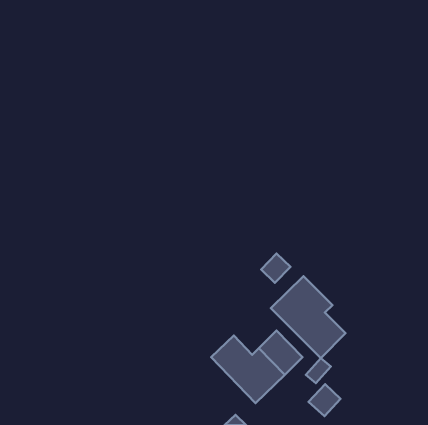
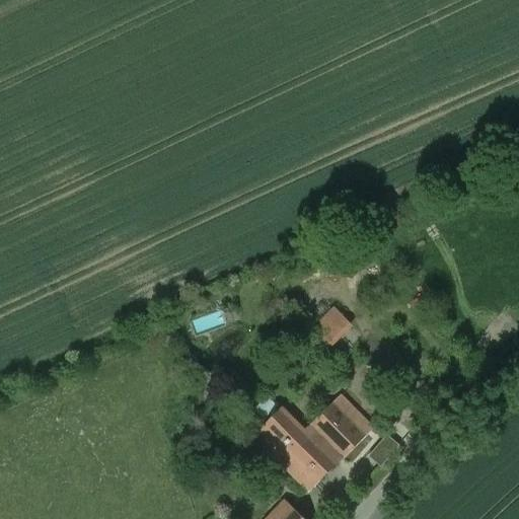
building: [271,276,346,358] -> none
building: [309,384,340,416] -> none

